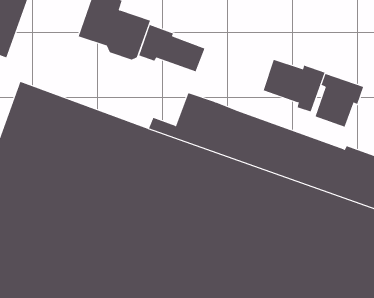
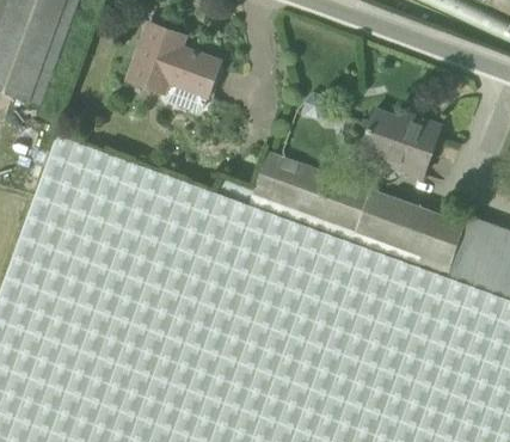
building: [139,24,205,72] -> none
building: [315,73,364,128] -> none

